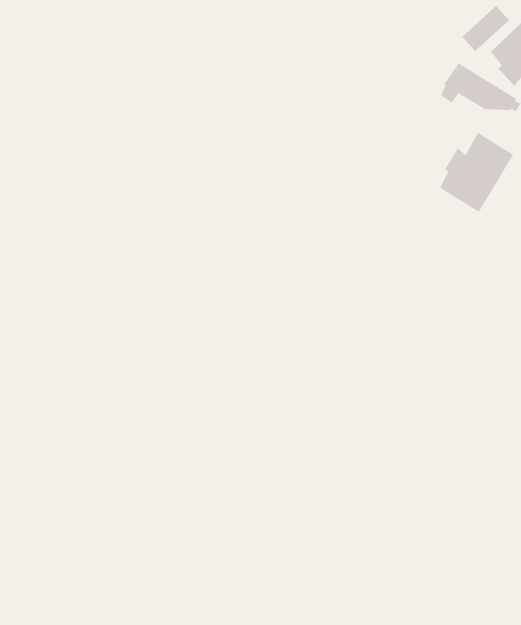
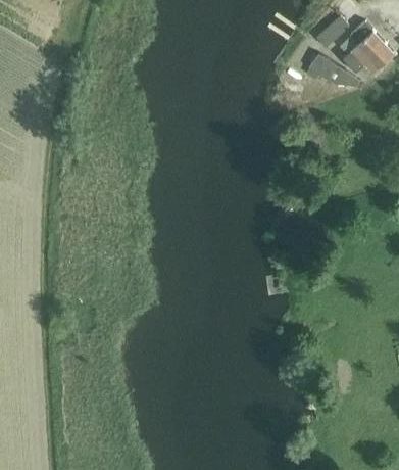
building: [439,132,514,213] -> none

